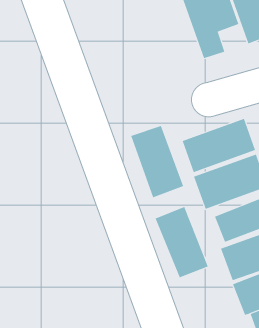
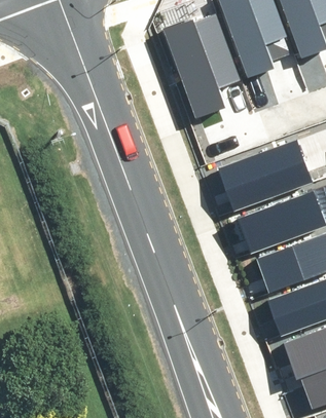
building: none -> [161,13,245,119]
building: [130,125,184,198] -> none
building: [155,206,208,278] -> none

